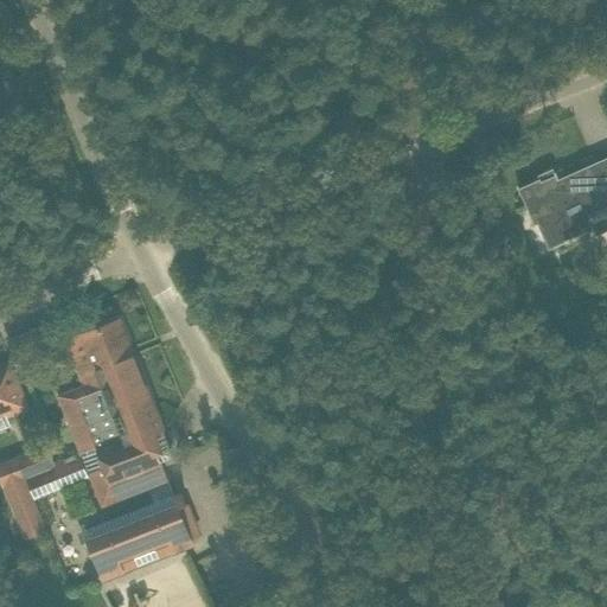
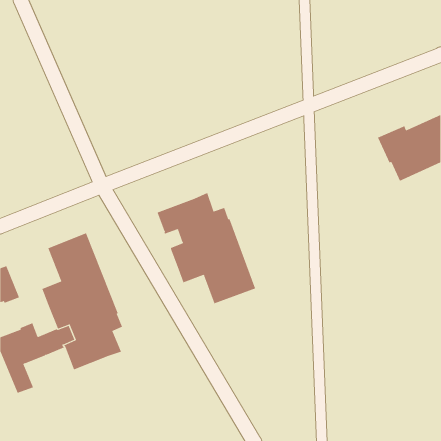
building: none -> [157,192,256,304]
building: [85,484,197,579] -> none

